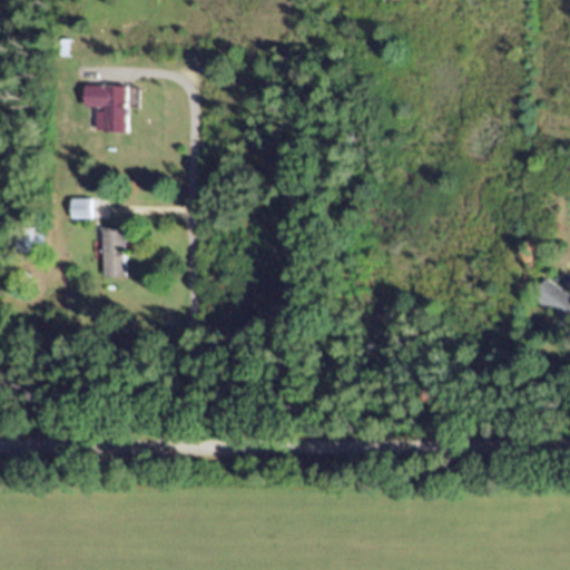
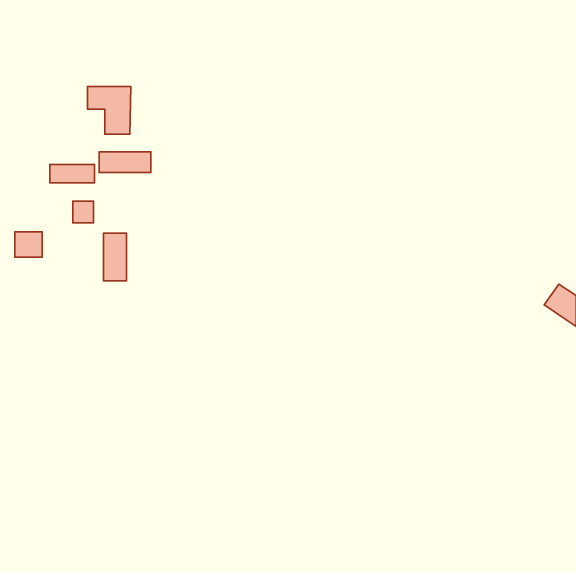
building: none -> [99,152,151,172]
building: none -> [50,165,94,183]

